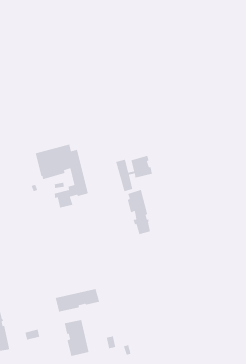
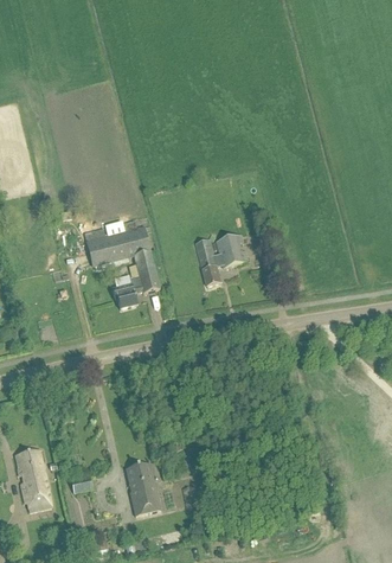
building: [127,189,151,235] -> none
building: [55,288,100,312] -> none

